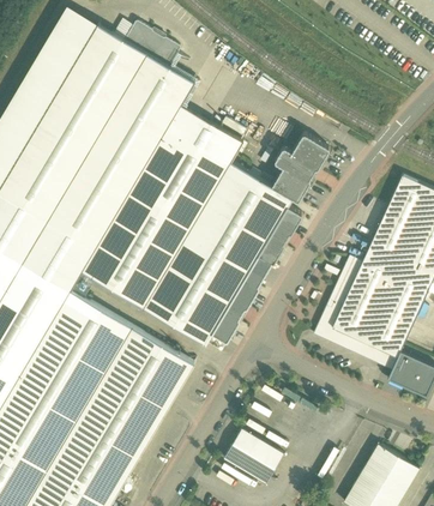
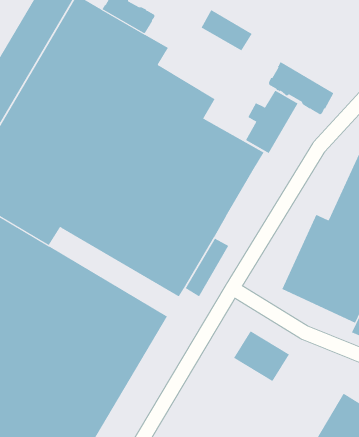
building: none -> [201,9,252,51]
building: none -> [269,61,334,115]
building: [255,210,300,269] -> none
building: [223,430,283,484] -> [233,331,290,382]

